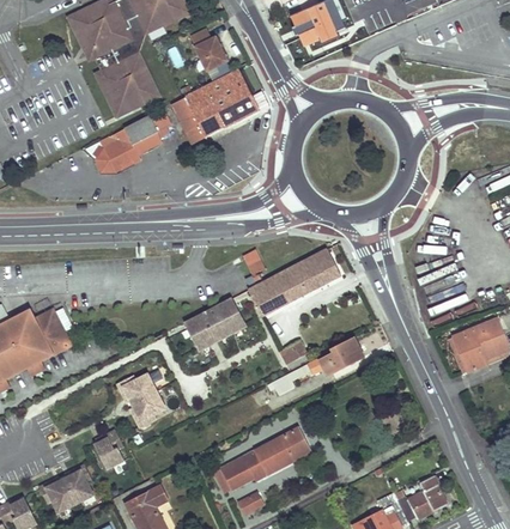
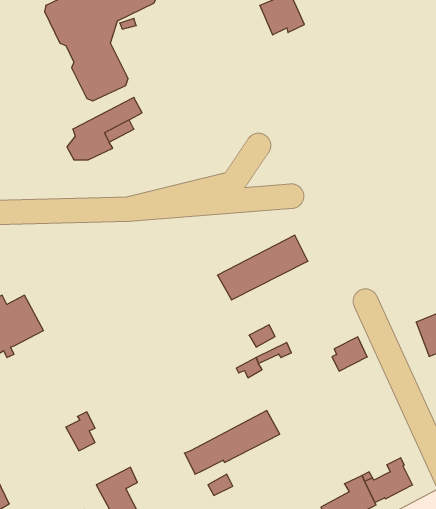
building: [190,29,226,69] -> none
building: [172,69,259,142] -> none
building: [184,299,244,349] -> none
building: [327,336,363,371] -> [332,337,367,371]
building: [116,373,164,427] -> none
building: [40,463,92,511] -> none

